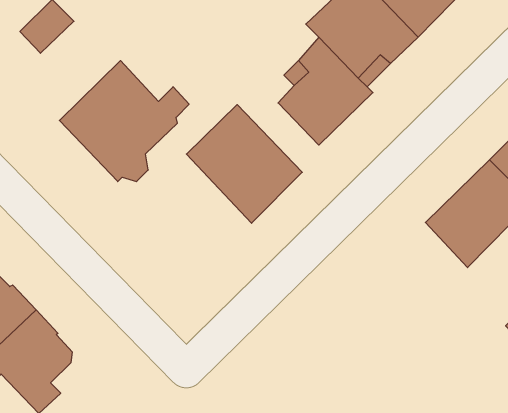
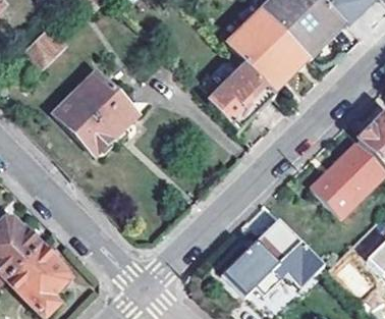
building: [186,105,302,223] -> none
building: none -> [222,216,324,297]

